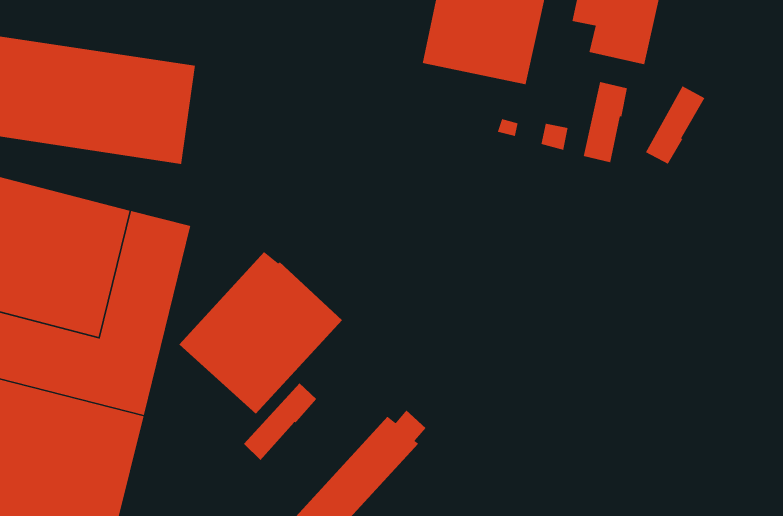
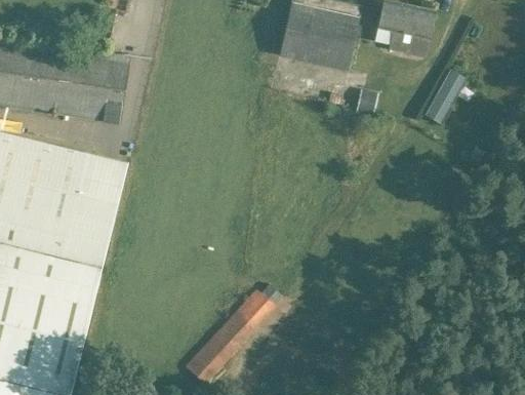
building: [583,81,628,163] -> none
building: [178,251,343,414] -> none
building: [243,382,317,461] -> none

